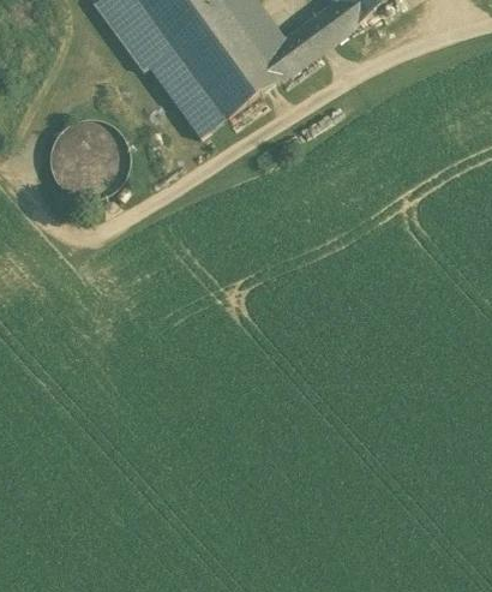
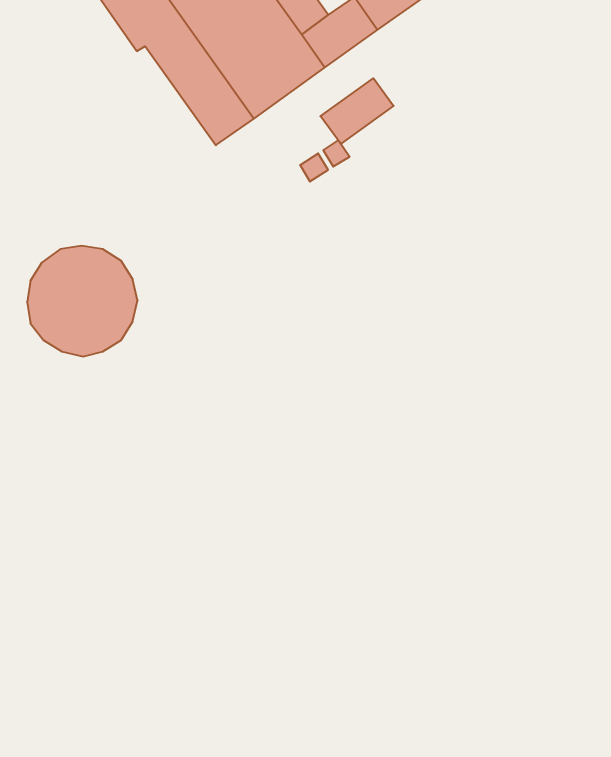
building: none -> [320,78,394,144]
building: [50,112,131,192] -> [27,246,138,357]

